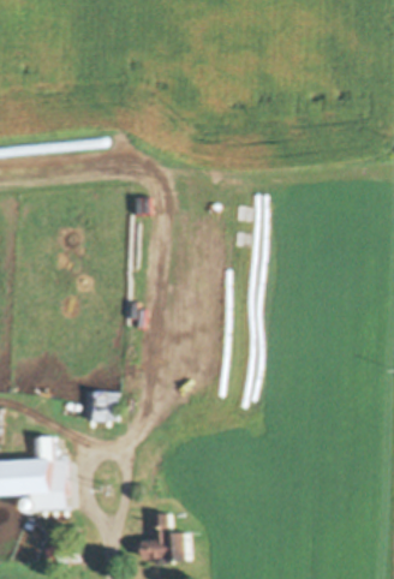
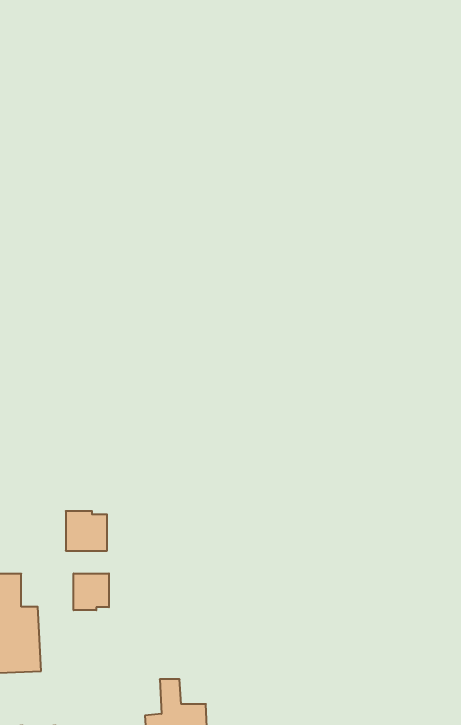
building: none -> [74,573,109,610]

